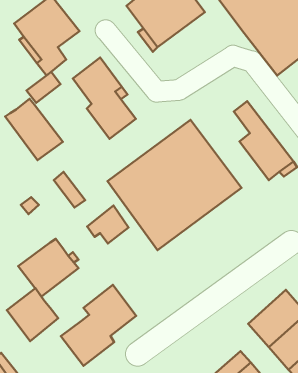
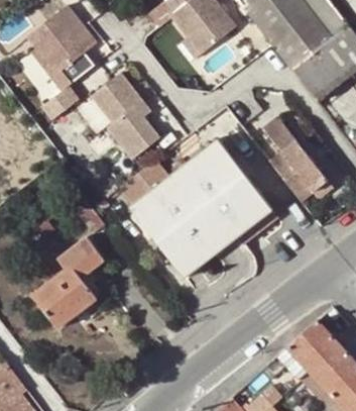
building: [5,99,63,160] -> none
building: [87,206,129,243] -> [60,235,104,276]
building: [61,285,136,366] -> none
building: [7,288,58,341] -> none

